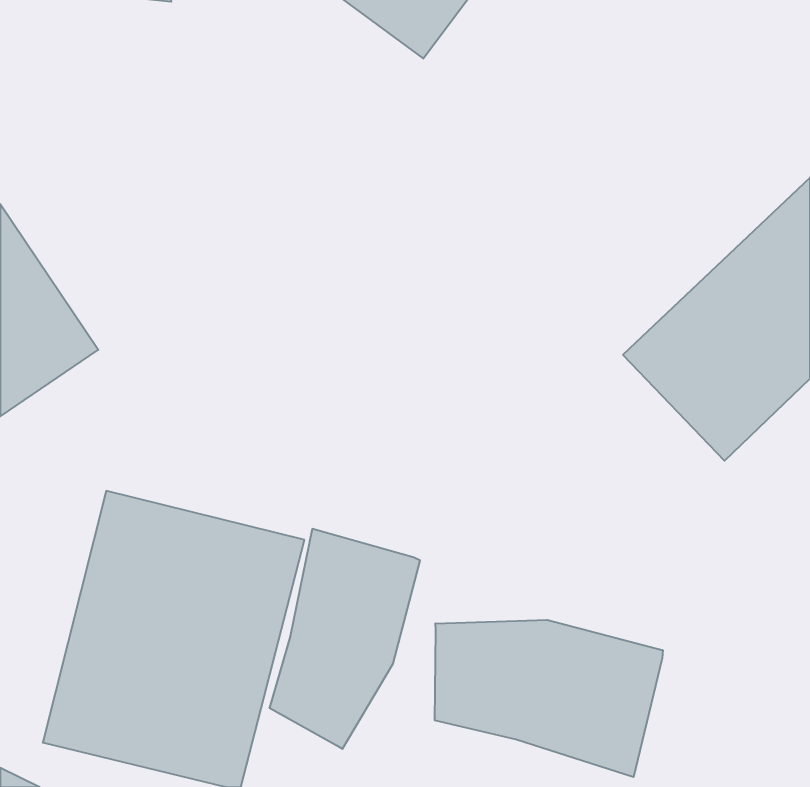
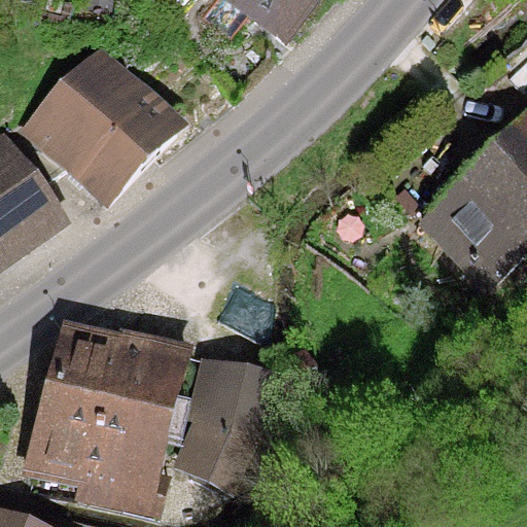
building: none -> [19,45,183,209]
building: [435,620,663,777] -> none

